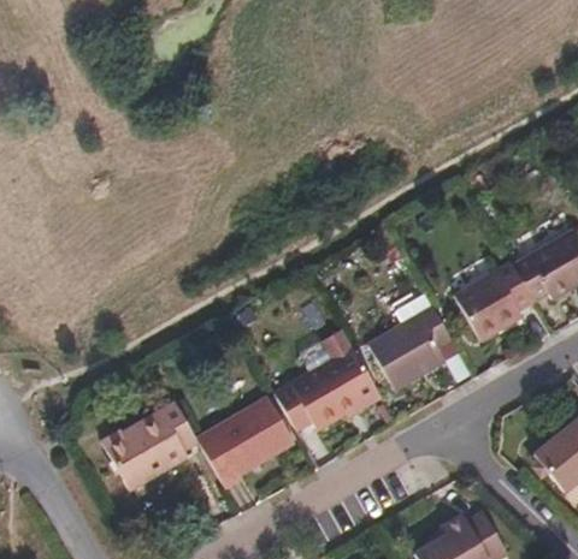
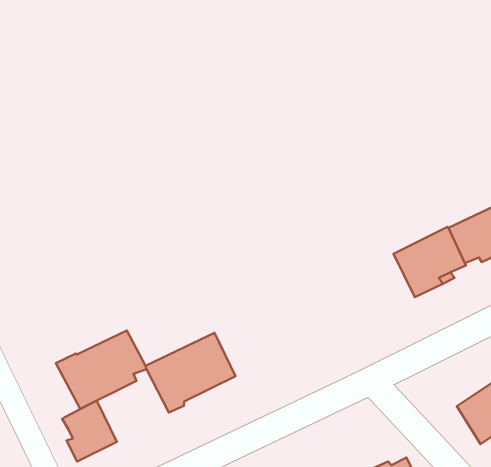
building: [368,307,450,388] -> none
building: [275,347,378,428] -> none
building: none -> [62,401,117,462]

